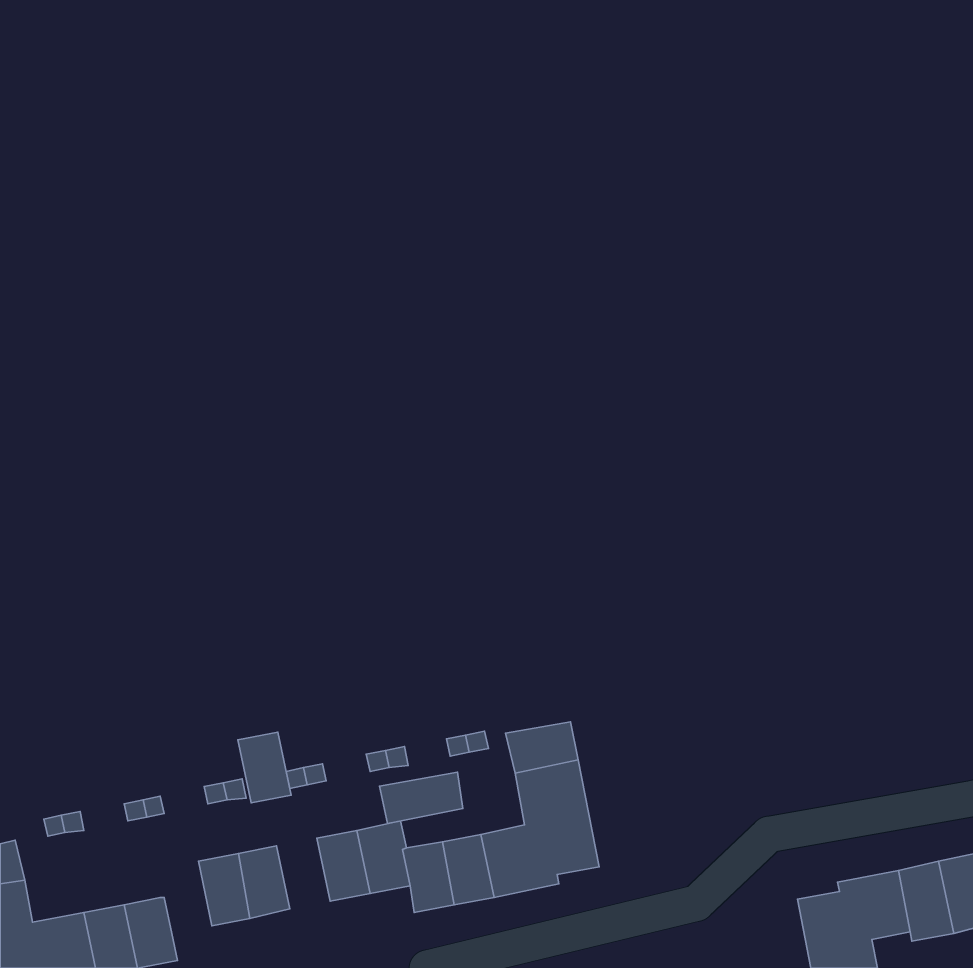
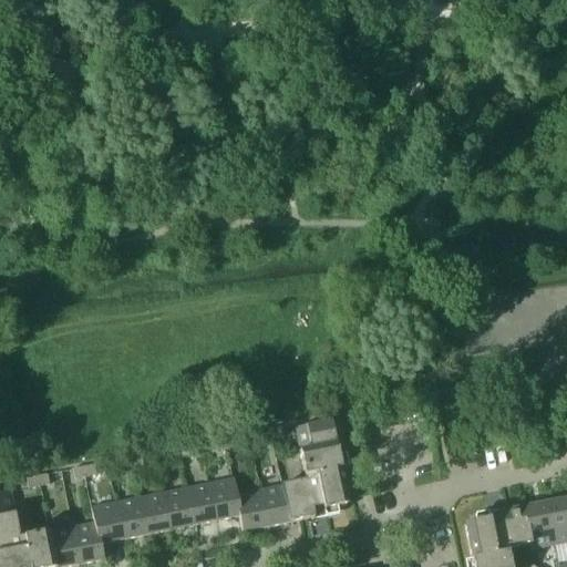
building: [238,732,291,803] -> [162,486,193,527]
building: [379,772,463,824] -> none
building: none -> [91,499,124,542]

